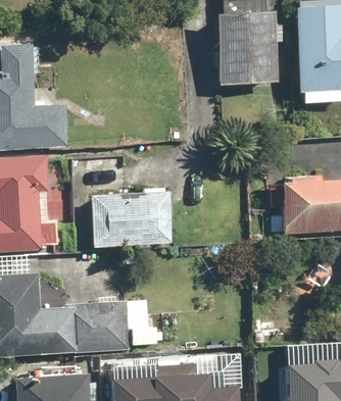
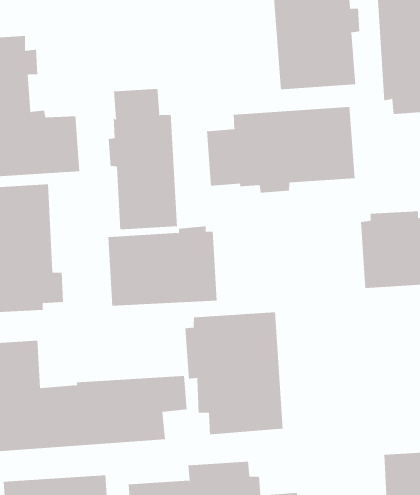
building: none -> [108,88,178,230]
building: none -> [206,106,355,193]
building: none -> [185,311,283,435]

